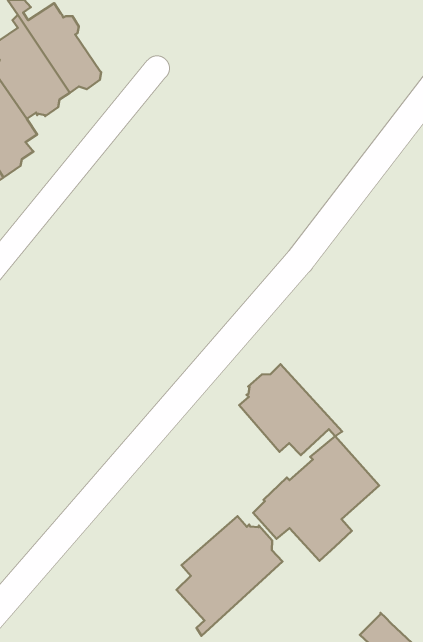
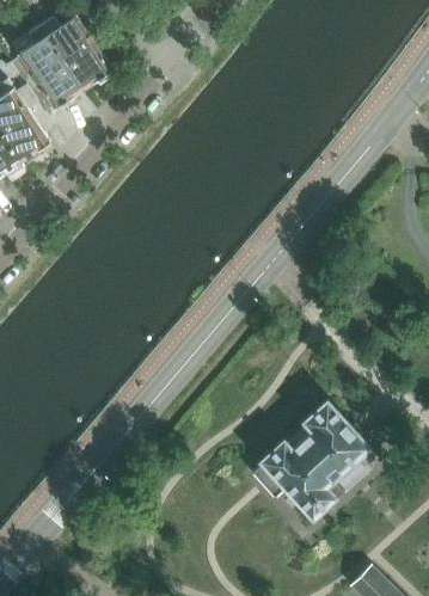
building: [239,364,342,455] -> none
building: [176,516,283,636] -> none

